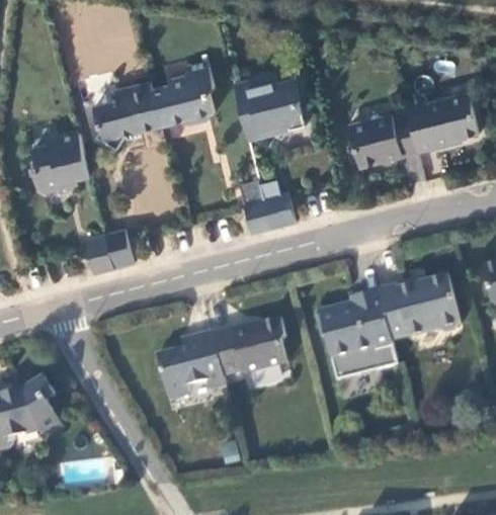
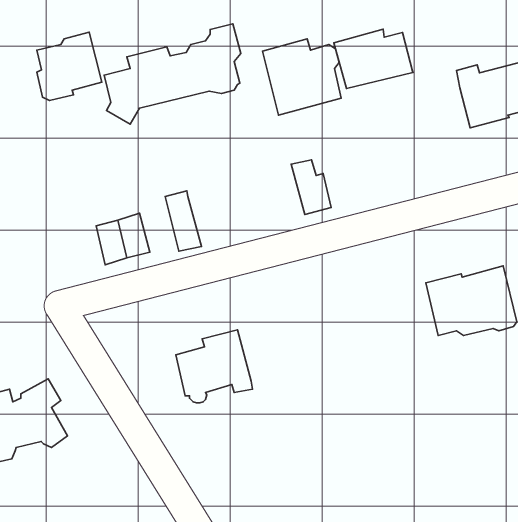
building: [348,114,418,167] -> [334,29,413,89]
building: [32,132,90,192] -> [37,32,102,101]
building: [239,180,271,234] -> [165,191,202,251]
building: [316,290,397,380] -> none
building: [212,318,286,377] -> none

